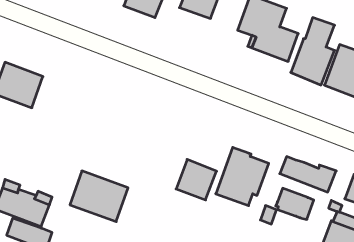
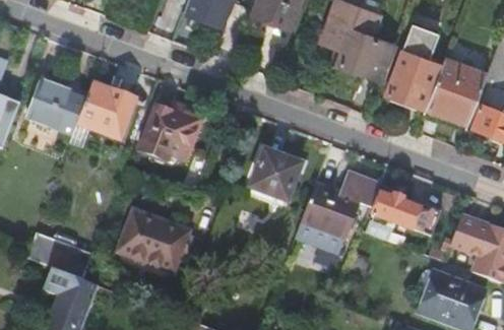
building: none -> [70,83,134,144]
building: none -> [141,104,199,159]
building: [176,159,217,200] -> [251,149,300,198]
building: [276,188,314,219] -> [334,168,380,205]

